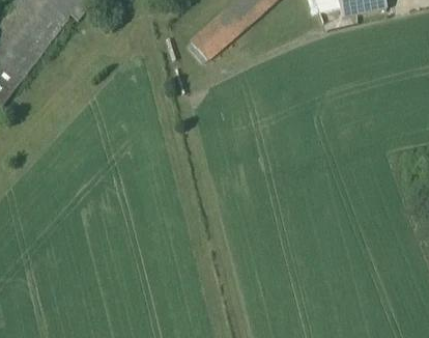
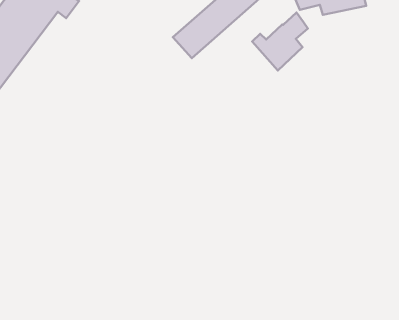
building: none -> [252,12,308,71]

